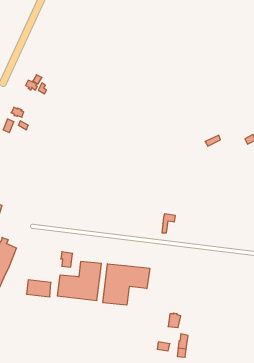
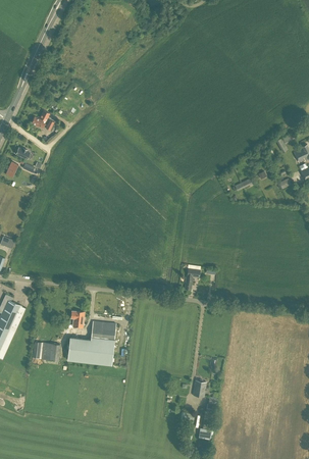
building: [103,264,150,305] -> none

